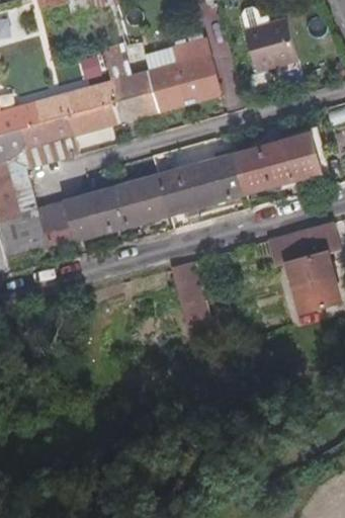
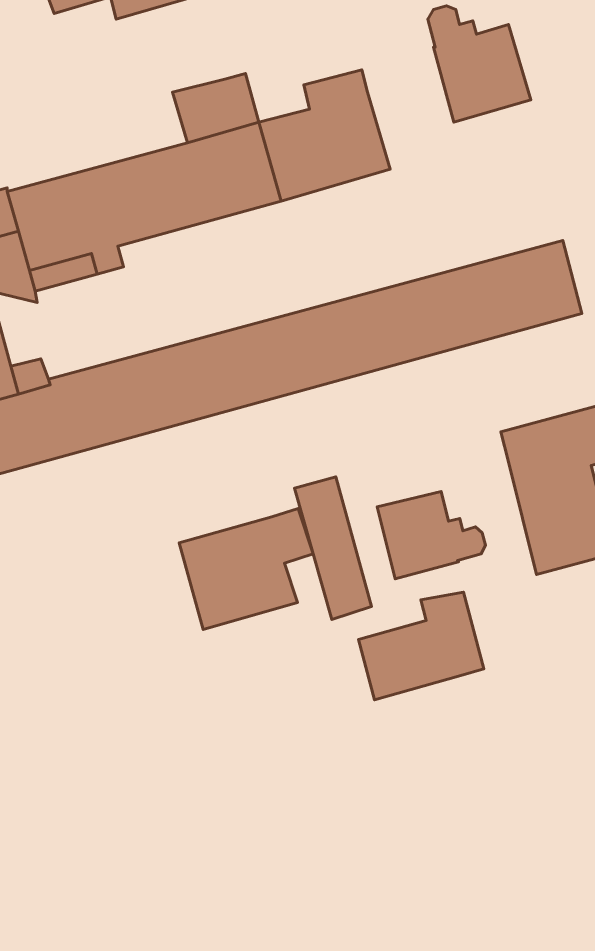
building: none -> [377,491,485,579]
building: none -> [179,508,313,630]
building: none -> [358,592,484,700]

